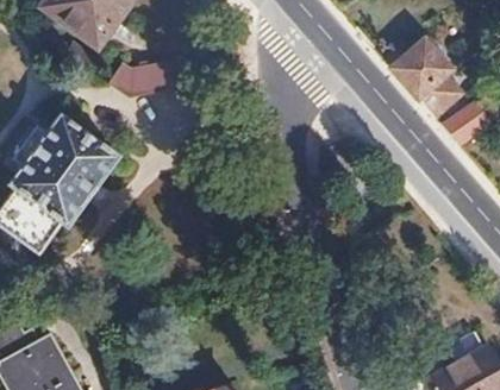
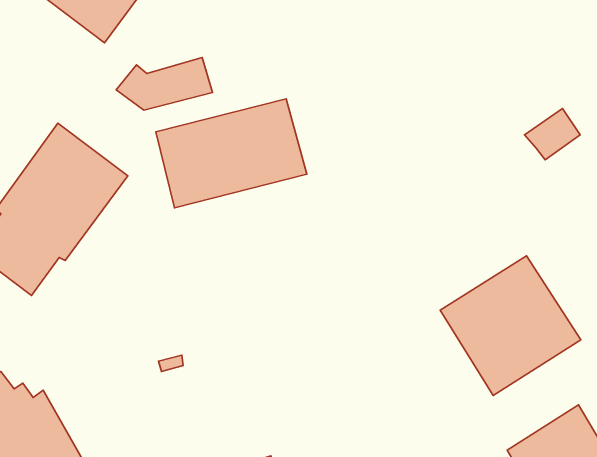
building: [385,40,458,115] -> none
building: none -> [156,99,307,208]
building: none -> [440,256,581,395]

